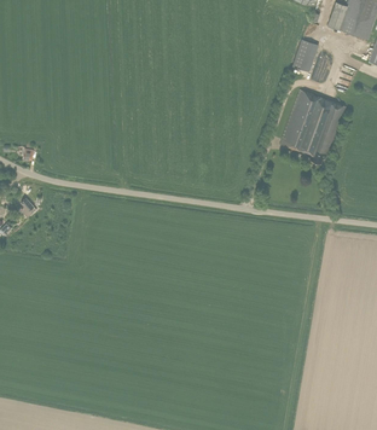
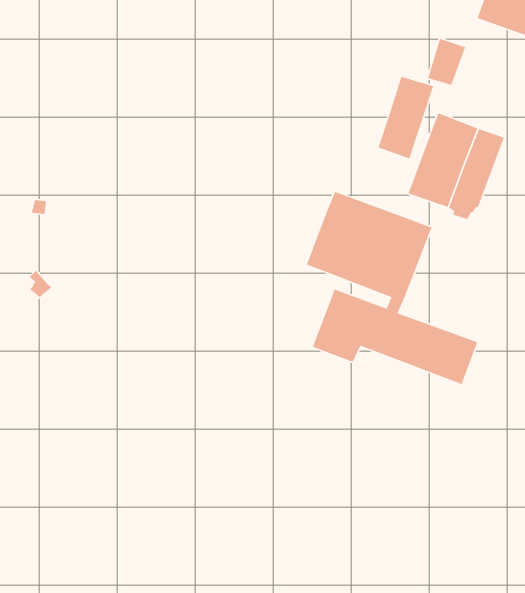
building: none -> [377,76,434,159]
building: none -> [306,191,478,385]

